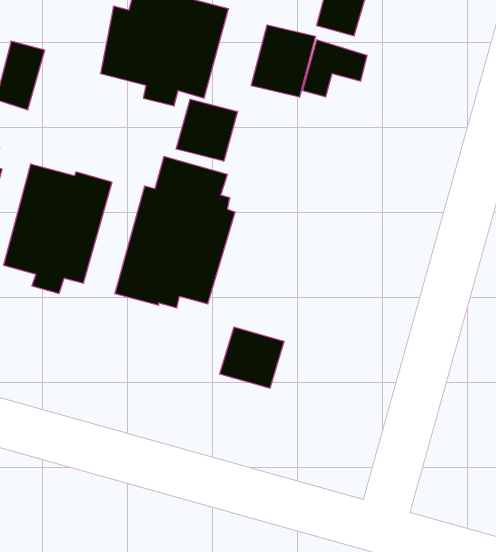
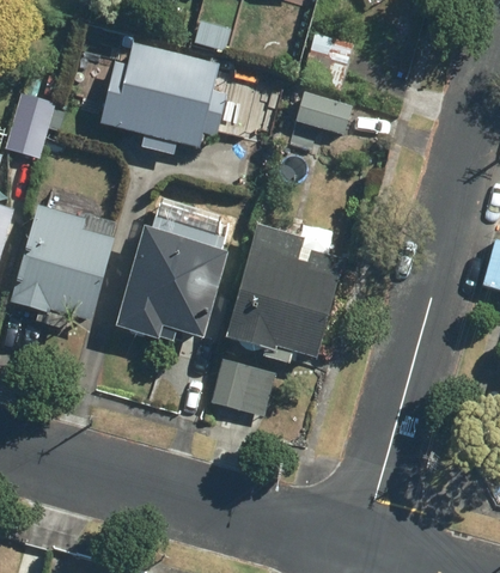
building: [251,25,315,97] -> none
building: [176,99,238,161] -> none
building: none -> [227,226,343,361]

